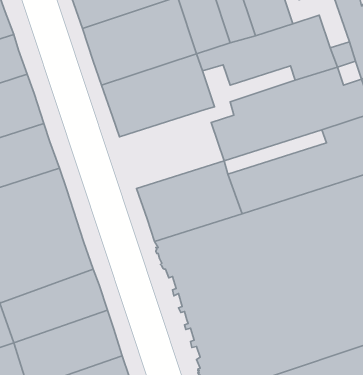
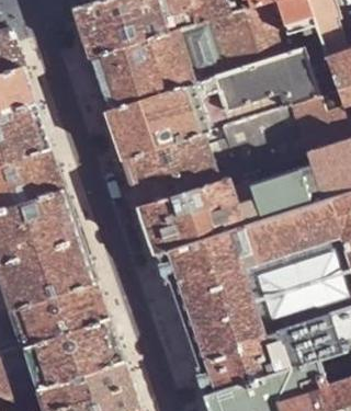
building: none -> [197,93,282,132]
building: none -> [122,134,217,206]

